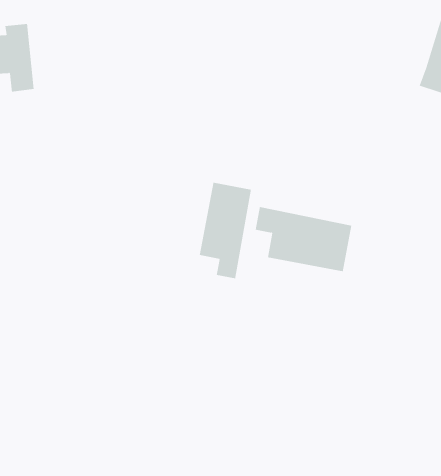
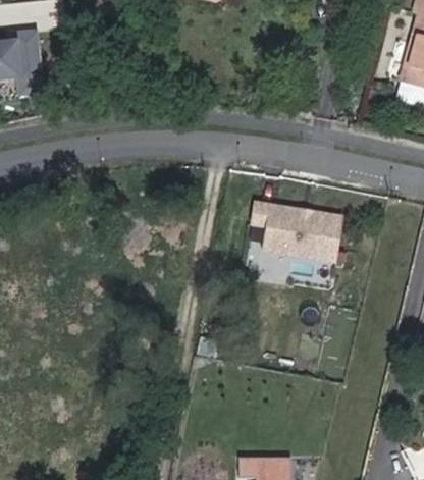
building: [199,182,252,279] -> none

